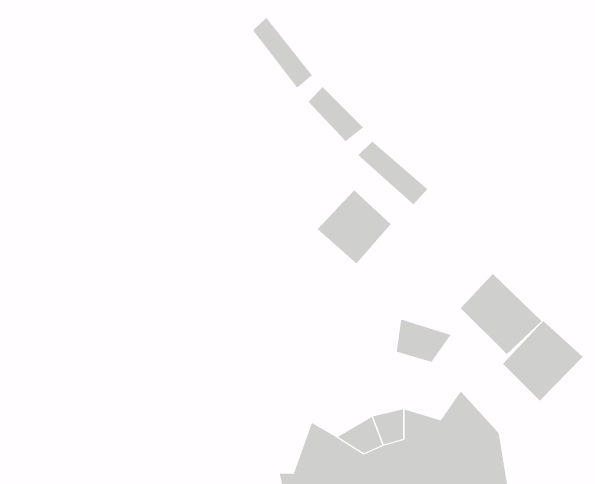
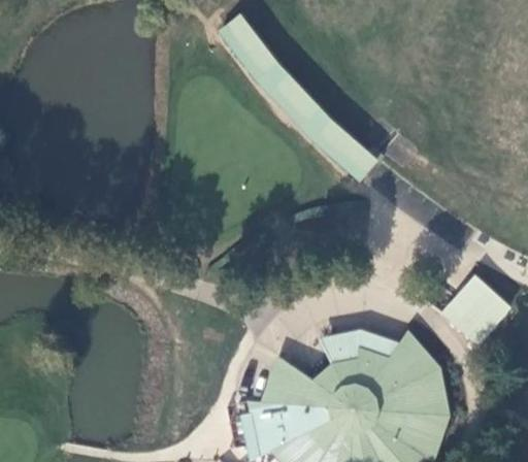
building: [317,190,391,264] -> none
building: [460,273,542,355] -> none
building: [396,319,452,363] -> [357,322,404,359]

